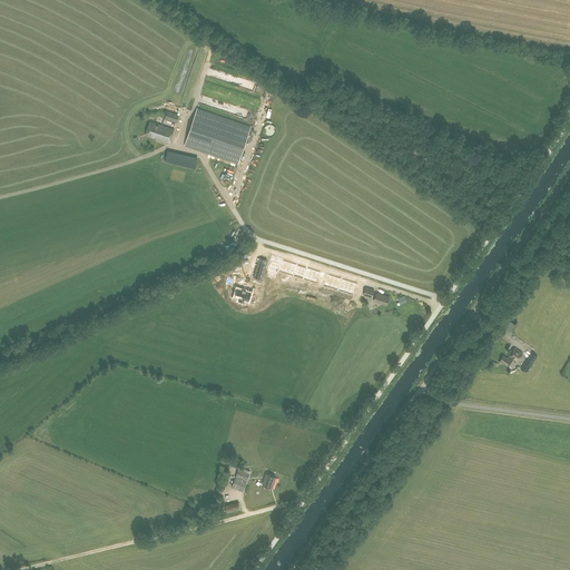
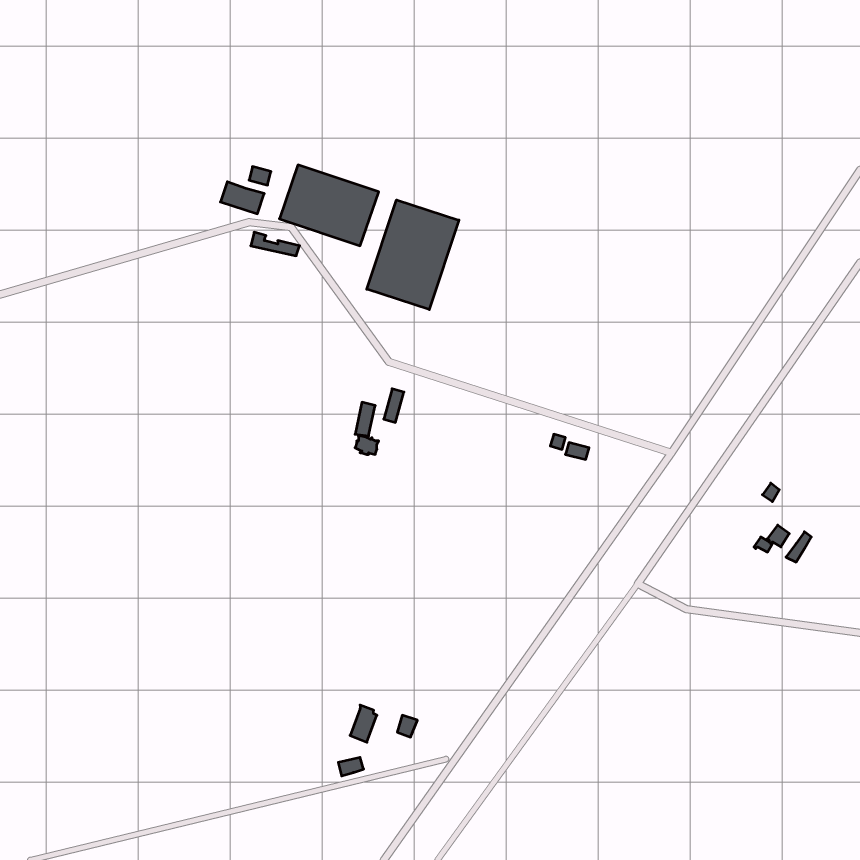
building: none -> [367,200,459,310]

